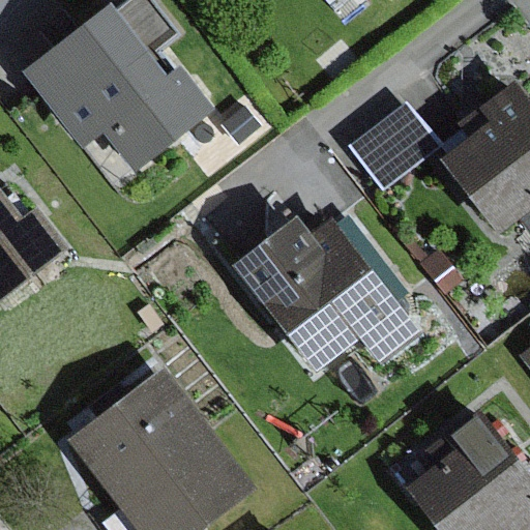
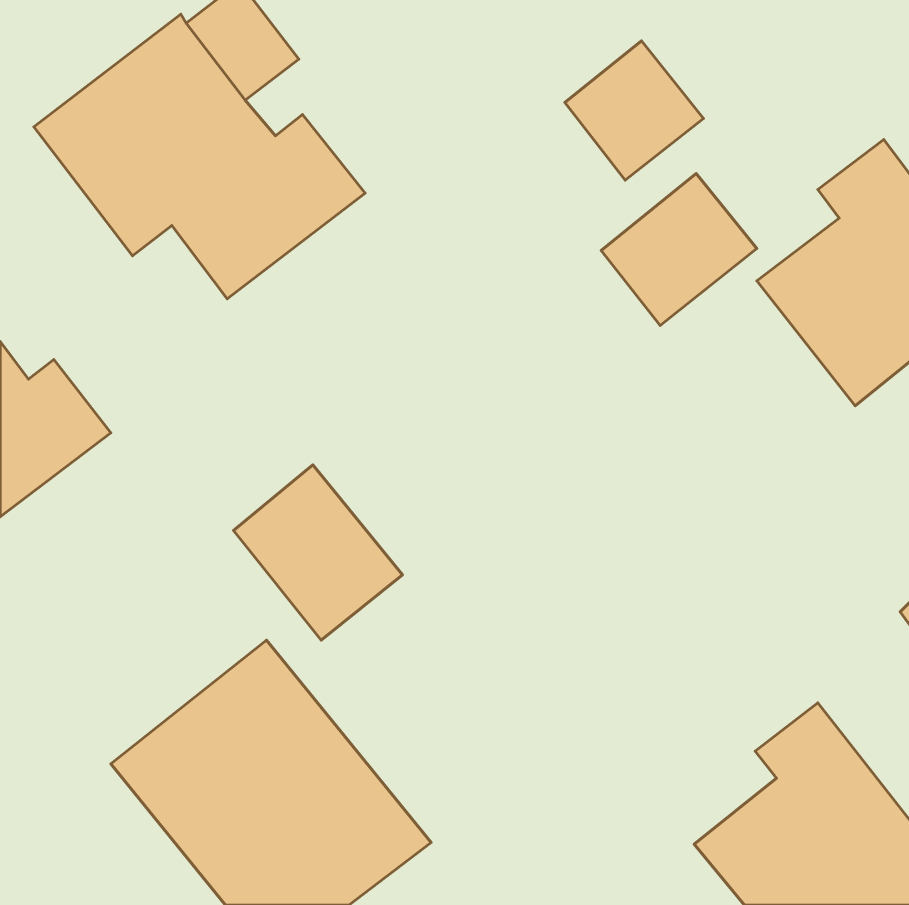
building: none -> [565,41,703,180]
building: [234,218,420,371] -> none
building: none -> [233,465,402,640]

